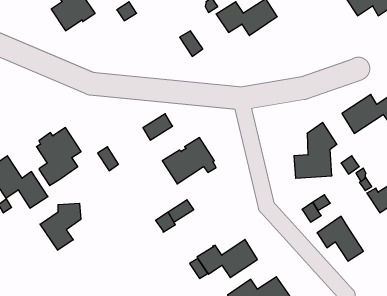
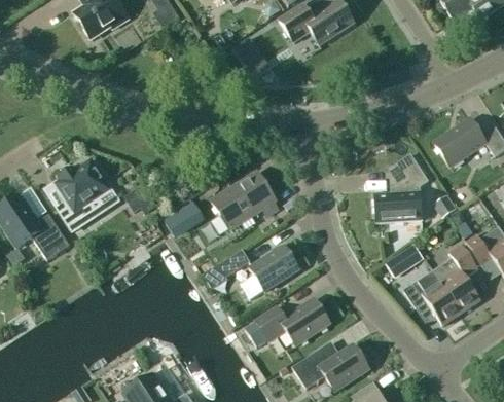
building: [143,114,173,140] -> [166,203,203,235]
building: none -> [440,244,480,313]
building: none -> [240,245,299,298]
building: [40,203,81,250] -> none

